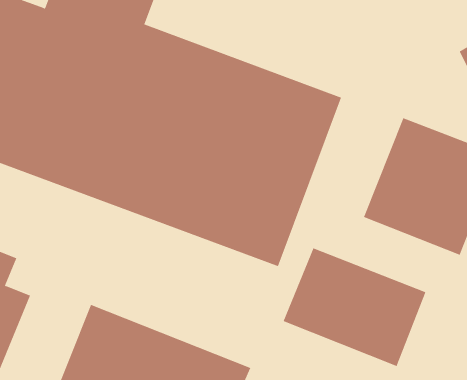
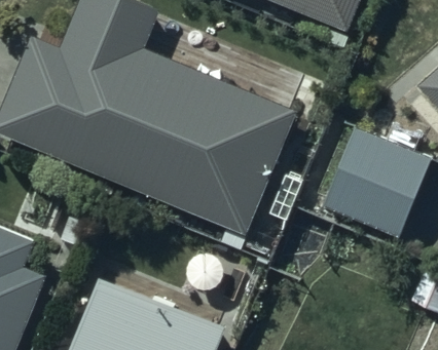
building: [283,248,426,367] -> none

